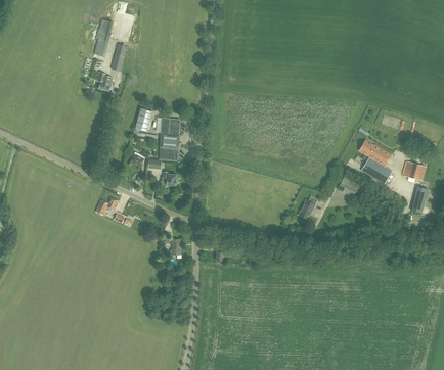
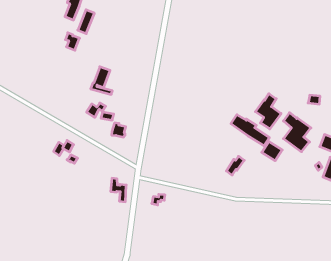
building: [158,118,179,161] -> none
building: none -> [255,94,281,129]
building: none -> [231,115,269,146]

